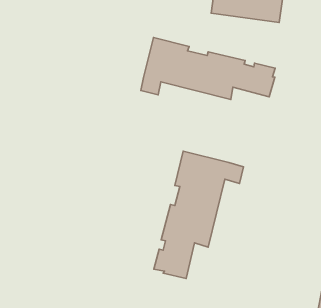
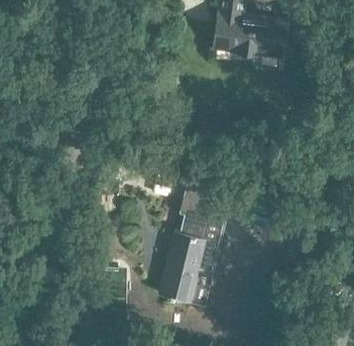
building: [141,37,275,99] -> none

